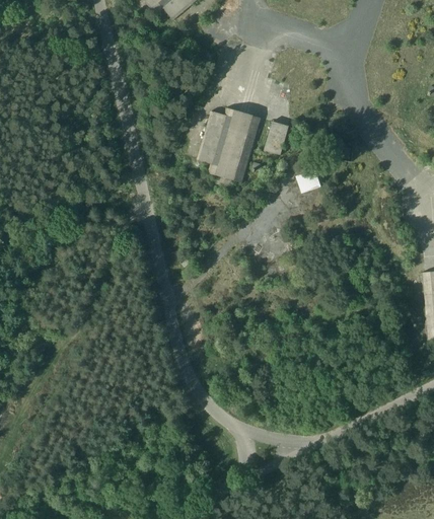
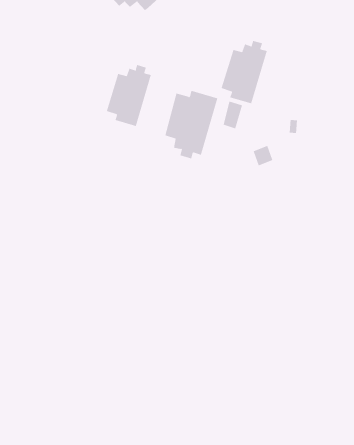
building: none -> [221,40,267,104]
building: none -> [106,64,151,127]

